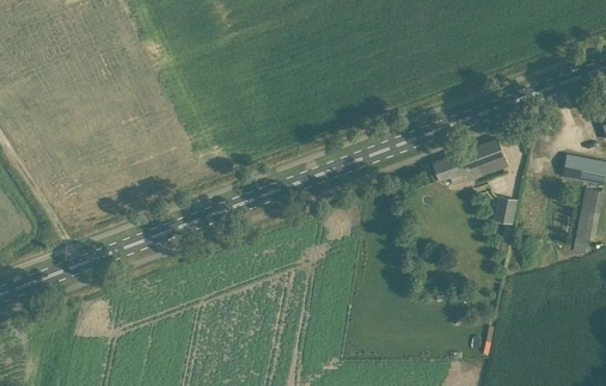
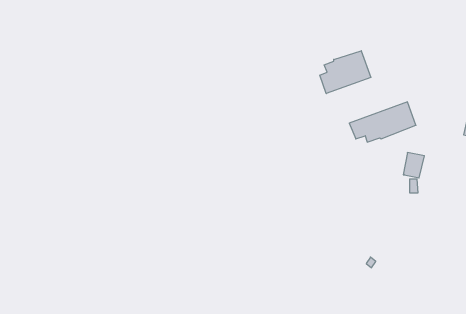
building: none -> [320,51,371,94]

